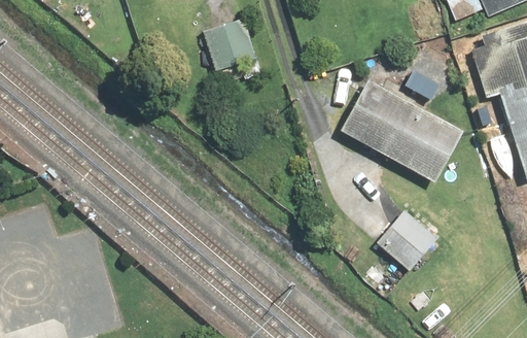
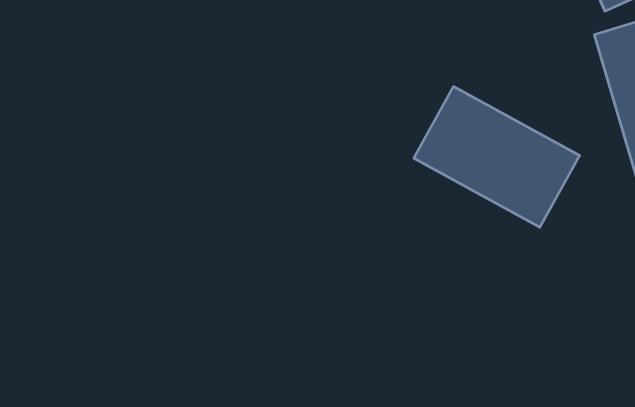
building: [201,19,257,75] -> none
building: [379,204,441,267] -> none

